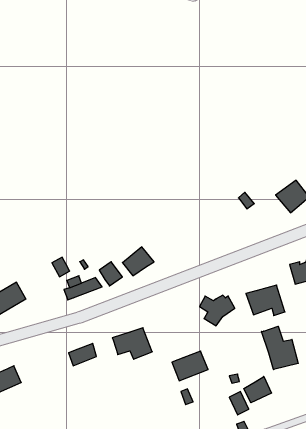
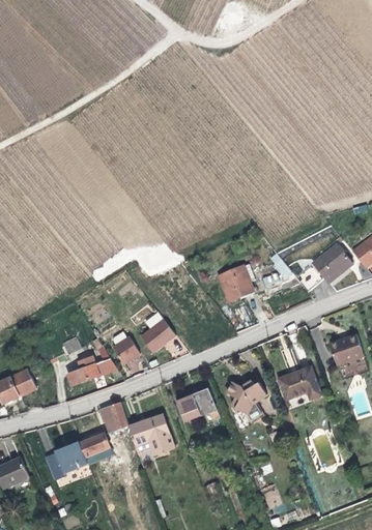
building: none -> [223,263,258,297]
building: none -> [101,400,130,432]
building: [262,326,298,370] -> none
building: [172,351,208,381] -> [178,386,219,419]
building: none -> [44,442,87,476]
building: [244,376,272,403] -> none

